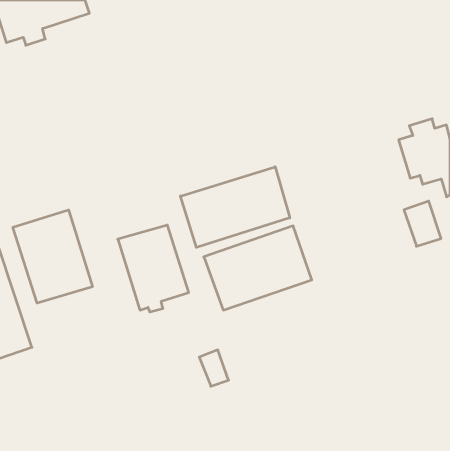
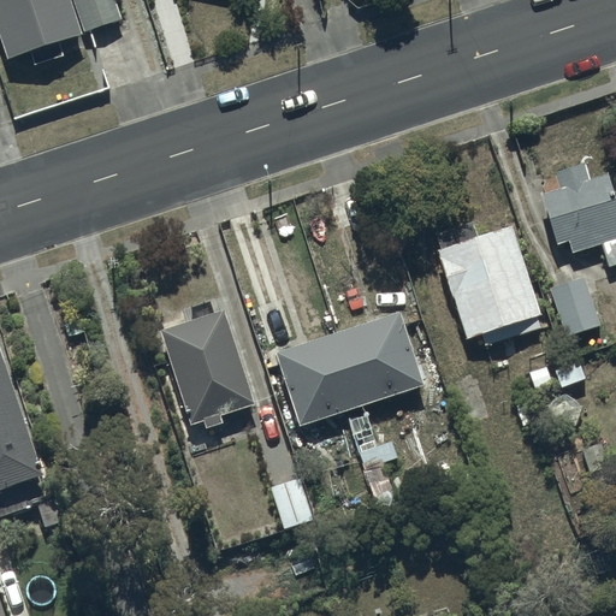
building: none -> [438,224,541,348]
building: [180,167,290,247] -> none
building: [13,210,92,303] -> none

